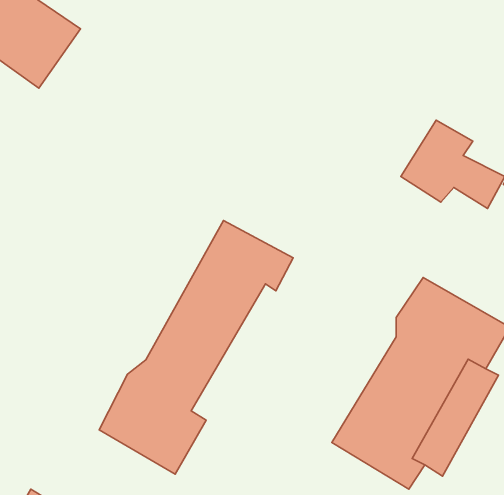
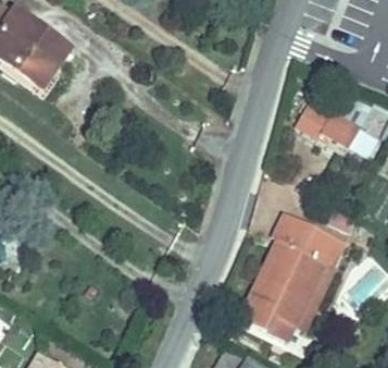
building: [99,220,293,474] -> none

